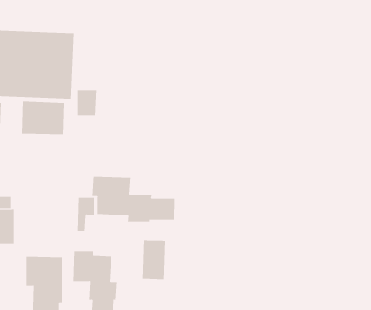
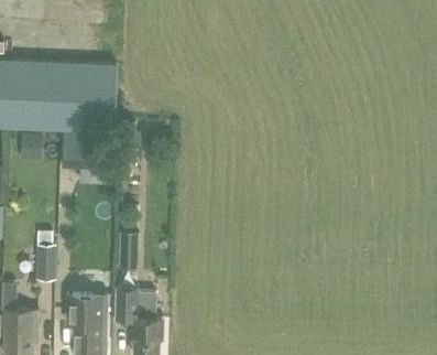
building: [92,176,175,222] -> none
building: [142,240,166,280] -> none

